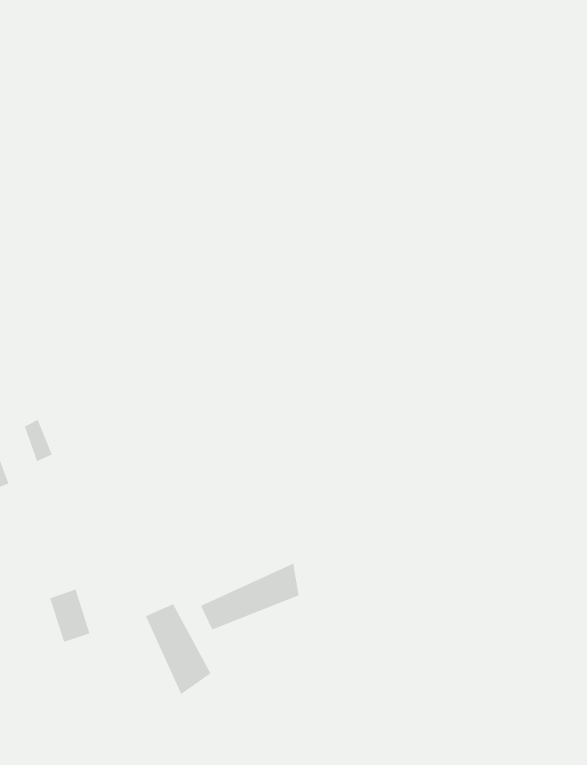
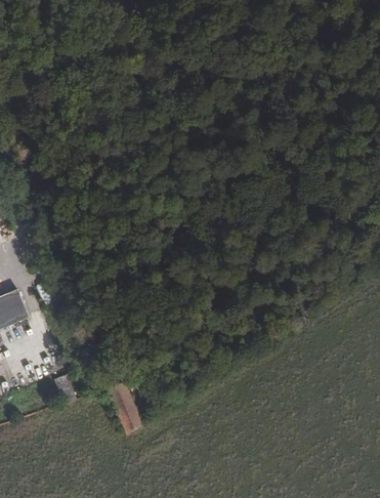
building: [200,563,300,631] -> none

